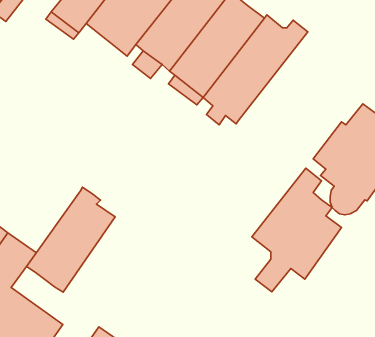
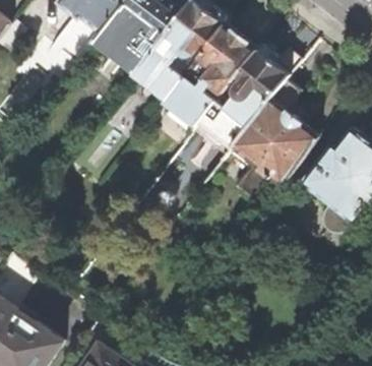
building: [252,168,342,292] -> [231,77,317,196]
building: [27,187,115,292] -> none

